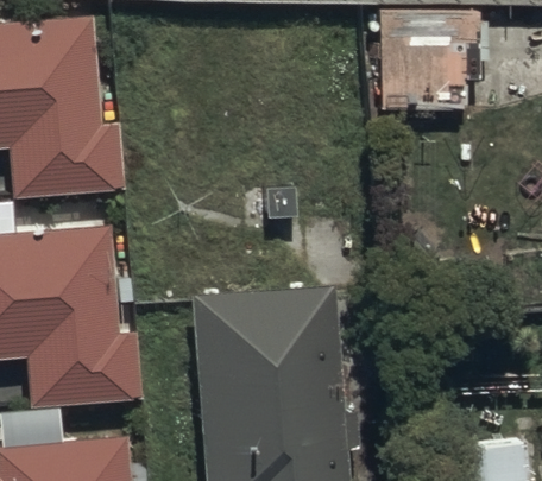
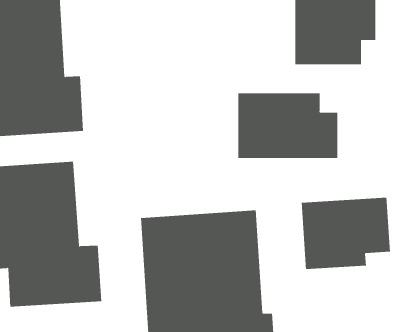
building: none -> [238,92,338,159]
building: none -> [301,197,391,270]

